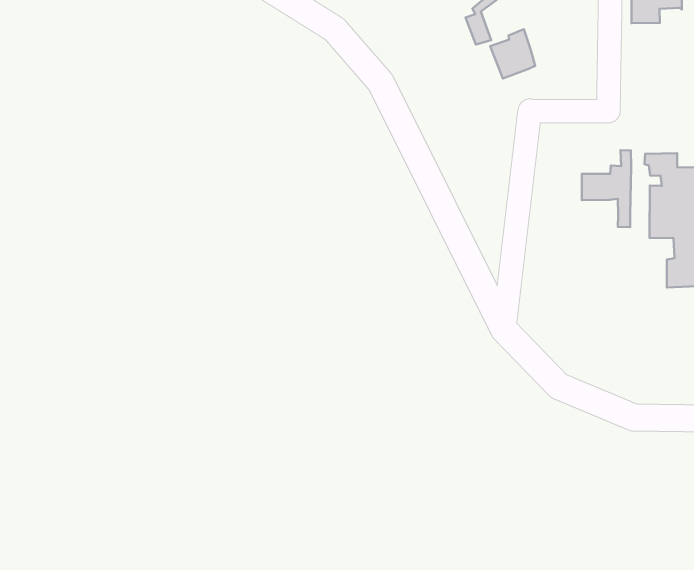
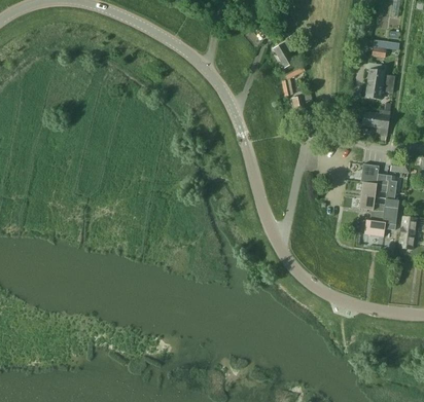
building: [582,150,631,227] -> [361,103,390,143]

